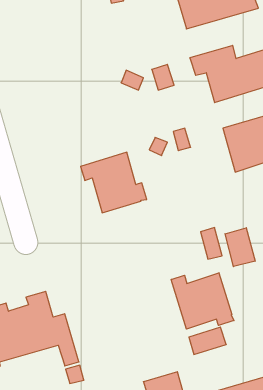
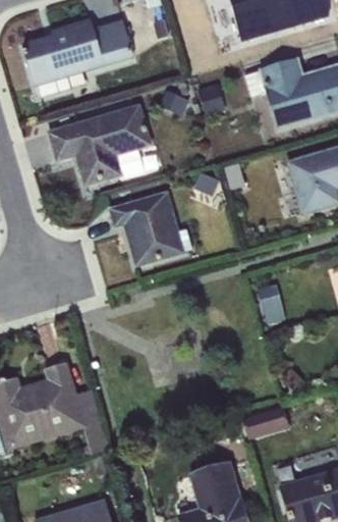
building: none -> [22,19,132,96]
building: none -> [46,102,152,187]
building: [225,228,255,267] -> none
building: [171,273,234,329] -> none

